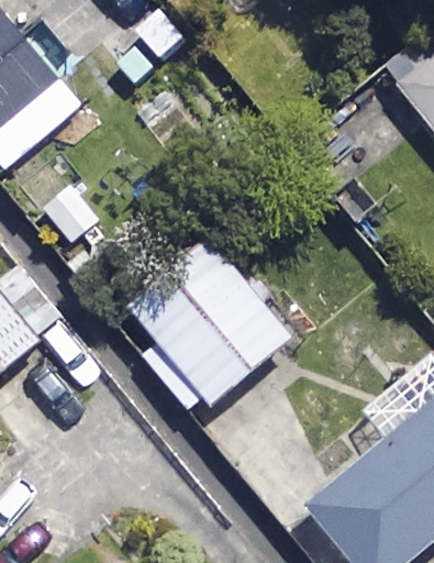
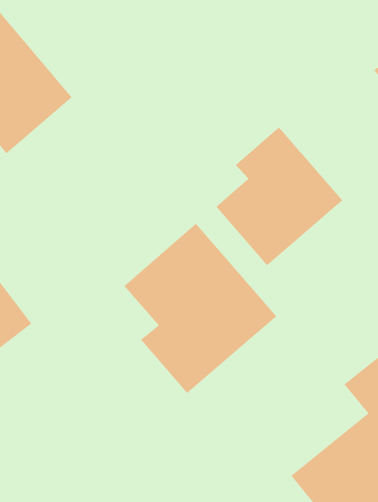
building: none -> [215,127,343,266]

